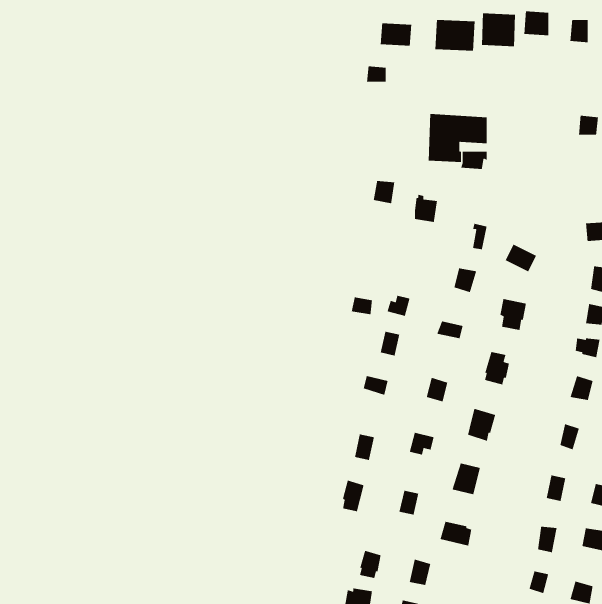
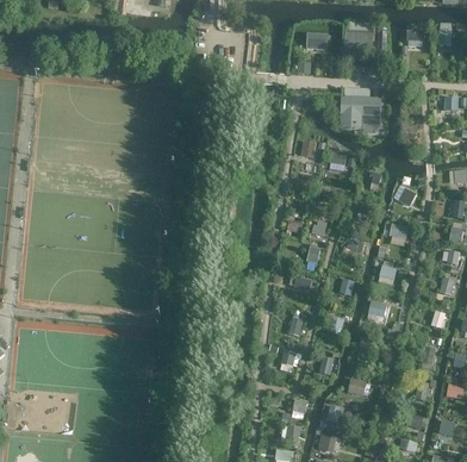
building: [481,13,516,47] -> none

